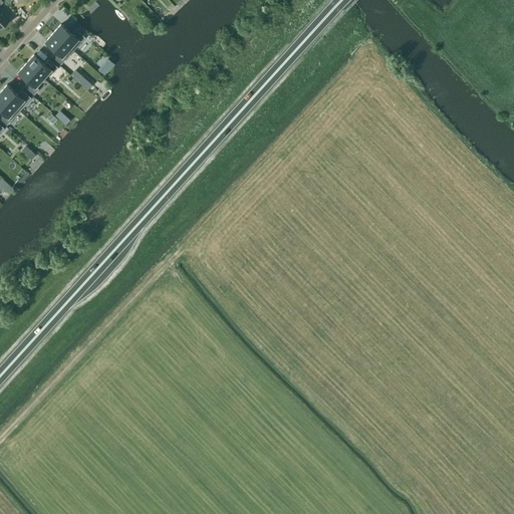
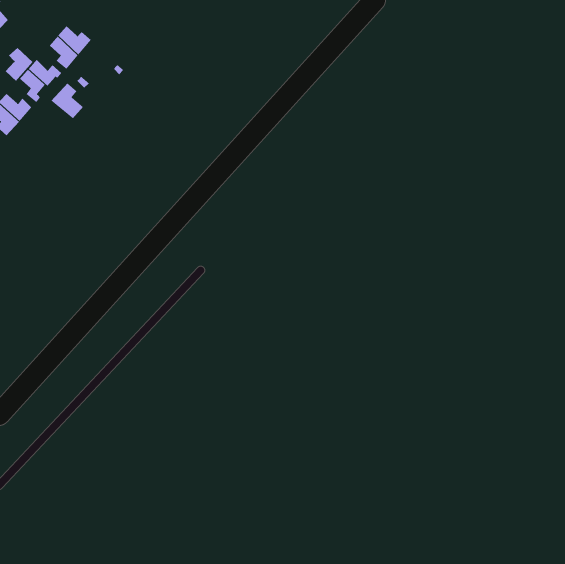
building: none -> [5,47,33,82]
building: none -> [51,82,84,119]

